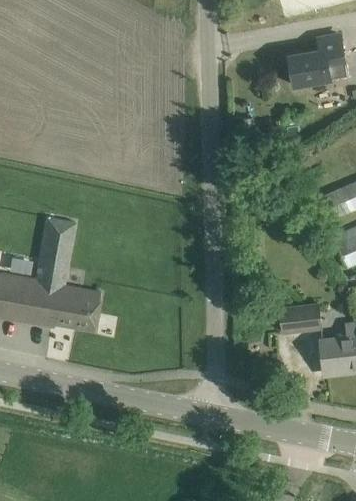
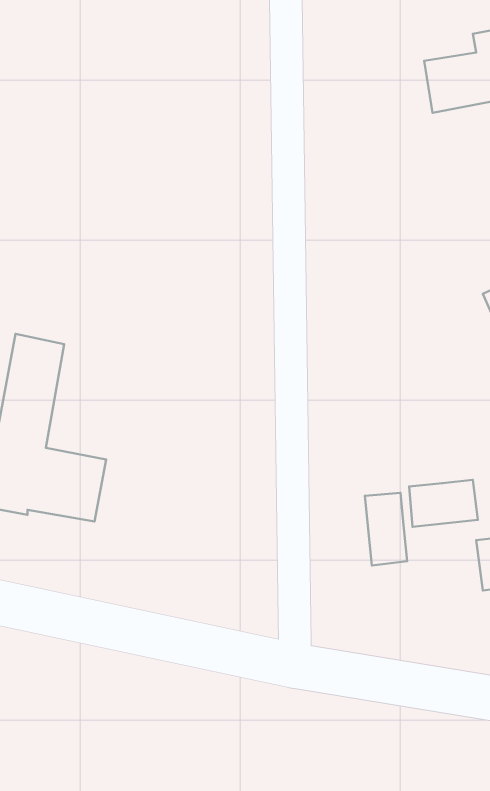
building: none -> [365,493,407,566]

